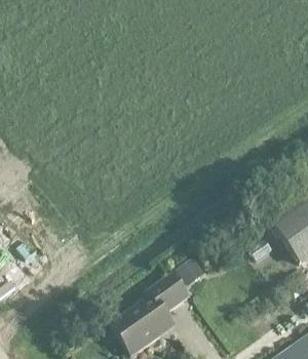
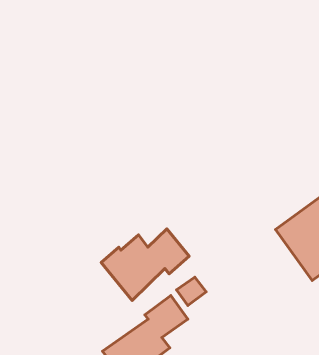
building: none -> [101,229,189,300]

